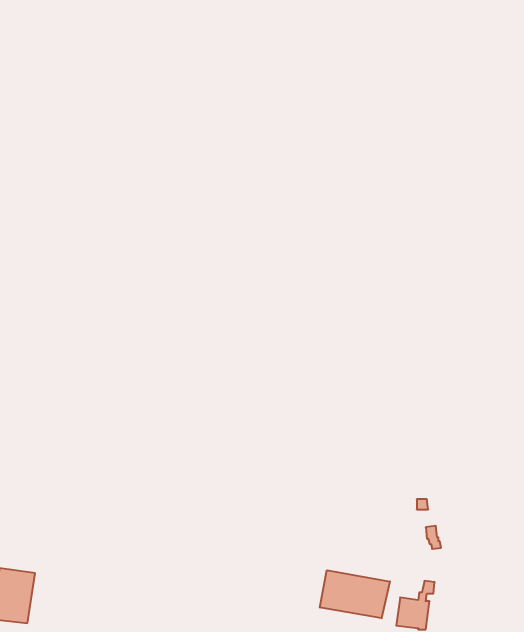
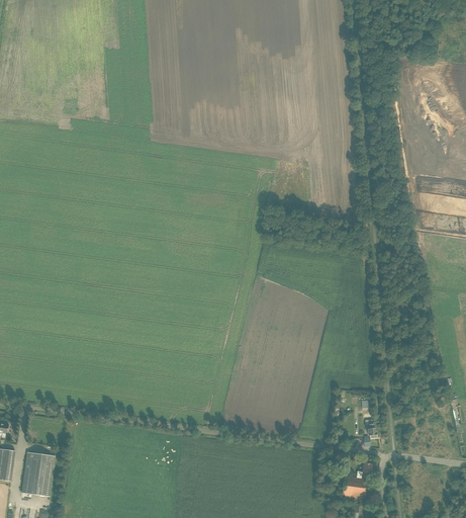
building: [320,570,390,618] -> none

